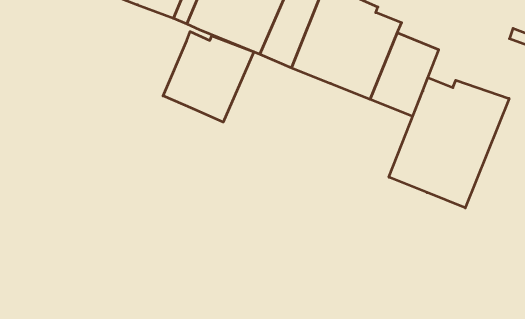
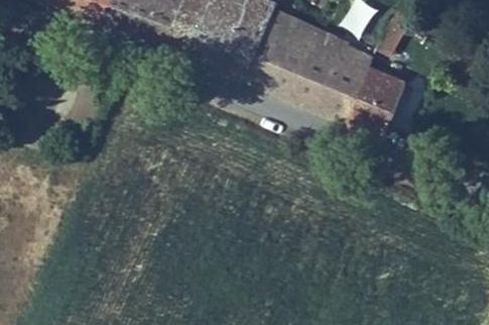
building: [163,32,254,122] -> none
building: [389,77,509,208] -> none

